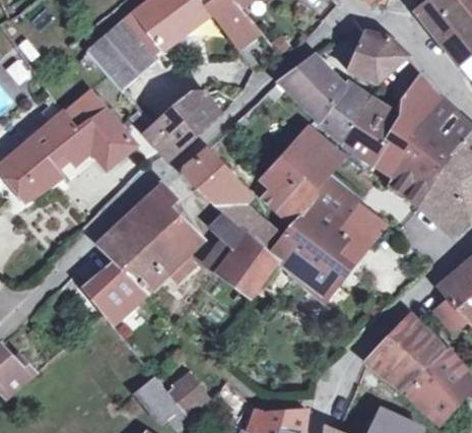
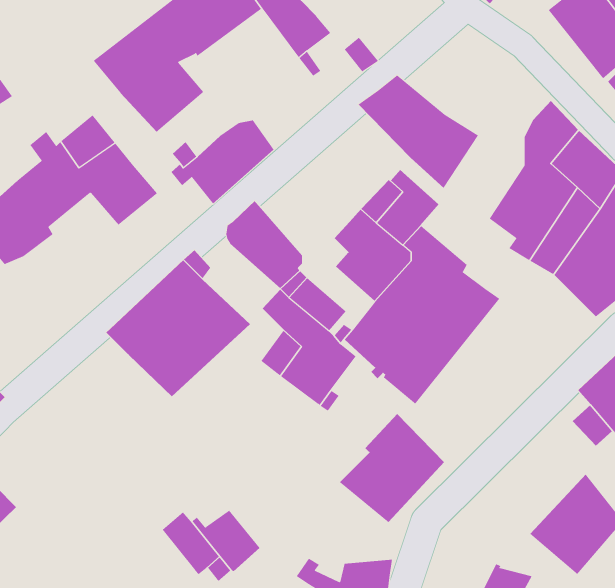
building: [348,32,405,80] -> none
building: [342,103,400,163] -> none
building: [84,261,146,322] -> none
building: [368,311,445,390] -> [339,413,445,523]

